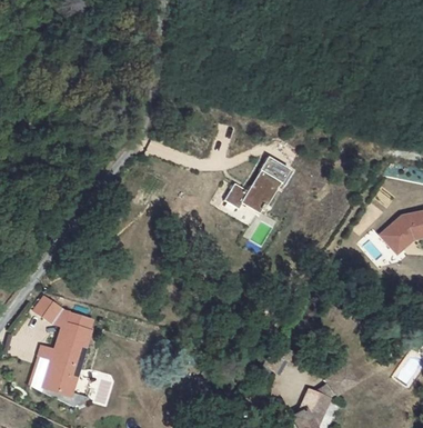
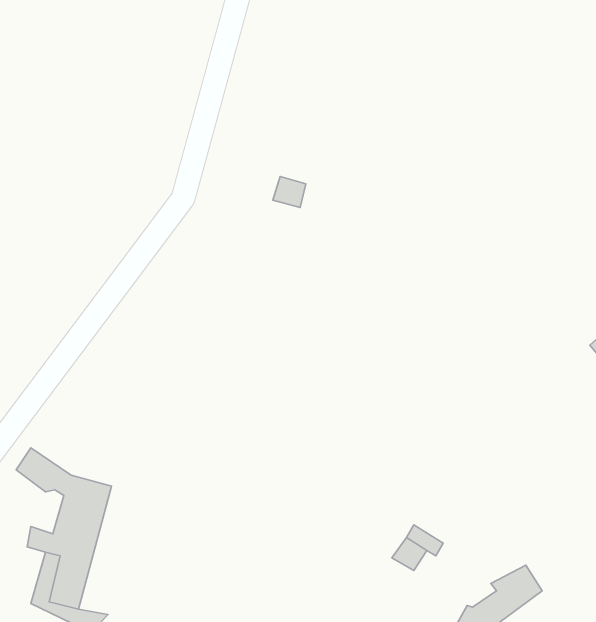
building: [222,156,290,215] -> none

